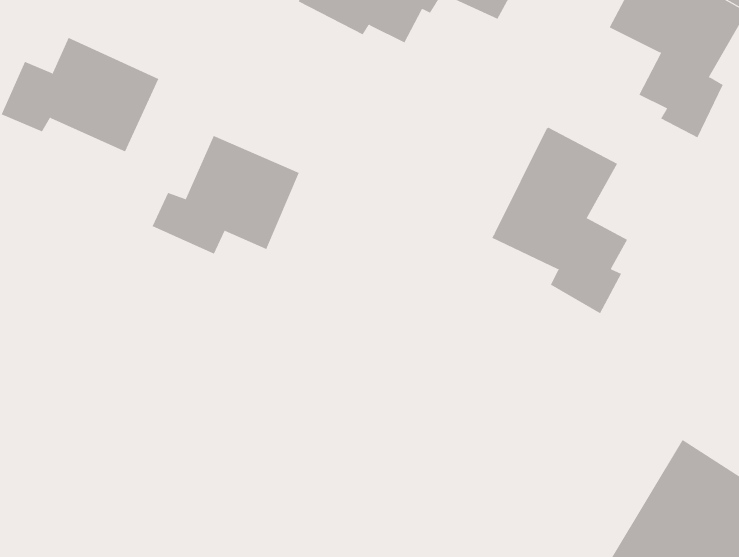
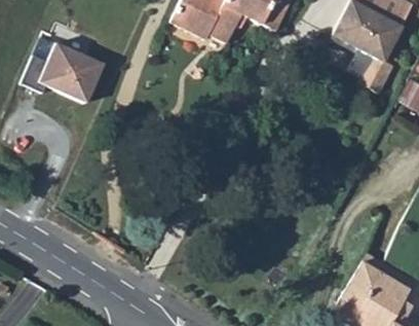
building: [492,127,628,314] -> none
building: [152,135,300,254] -> none

